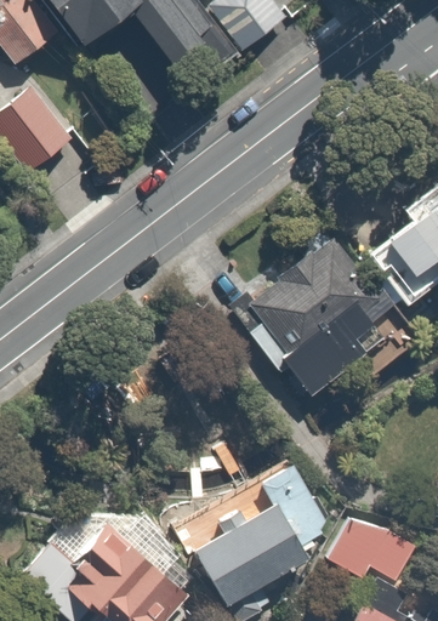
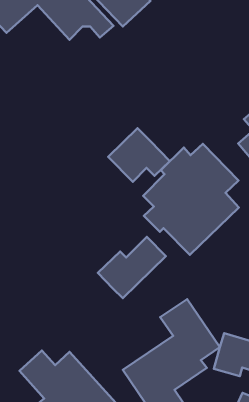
building: none -> [108,128,170,182]
building: none -> [98,237,166,298]

